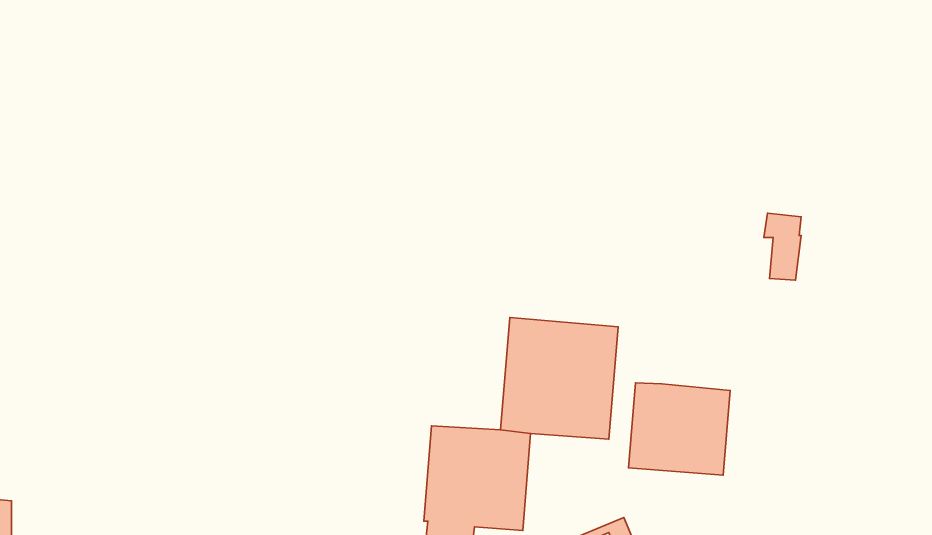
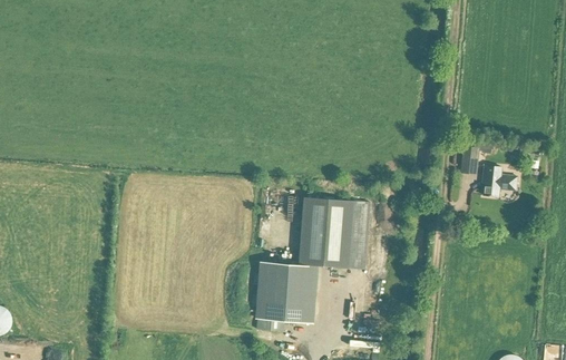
building: none -> [481,165,517,197]
building: [629,383,730,475] -> none

